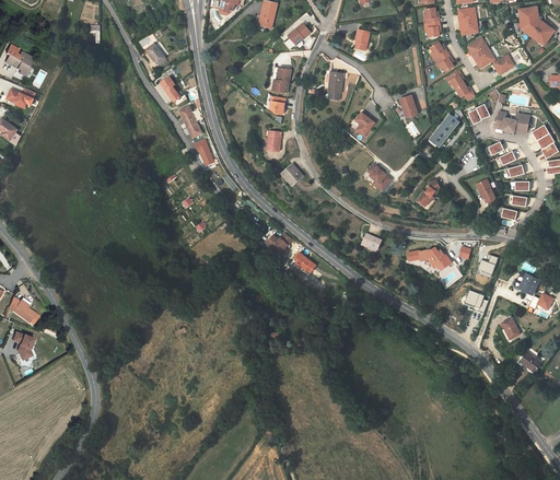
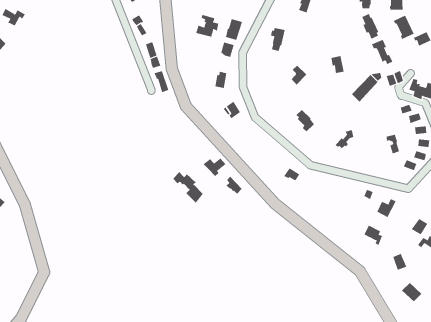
building: none -> [195,14,219,38]
building: [407,248,451,273] -> none
building: none -> [173,171,204,203]

